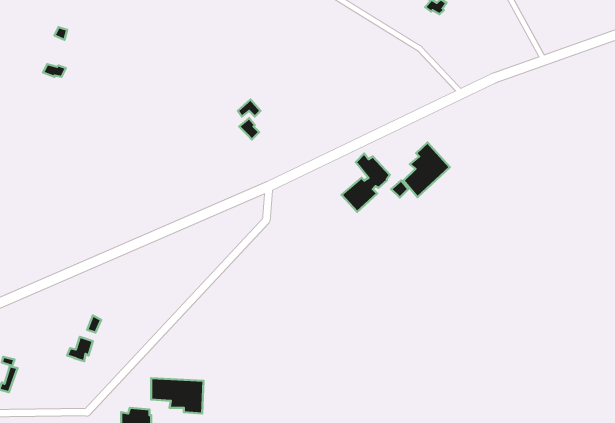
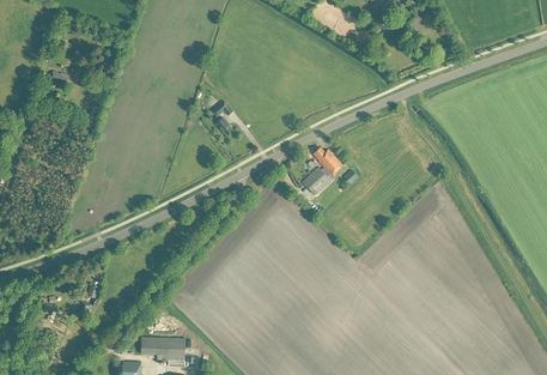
building: [403,142,450,197] -> none

